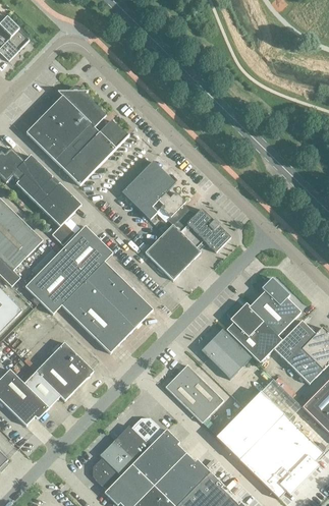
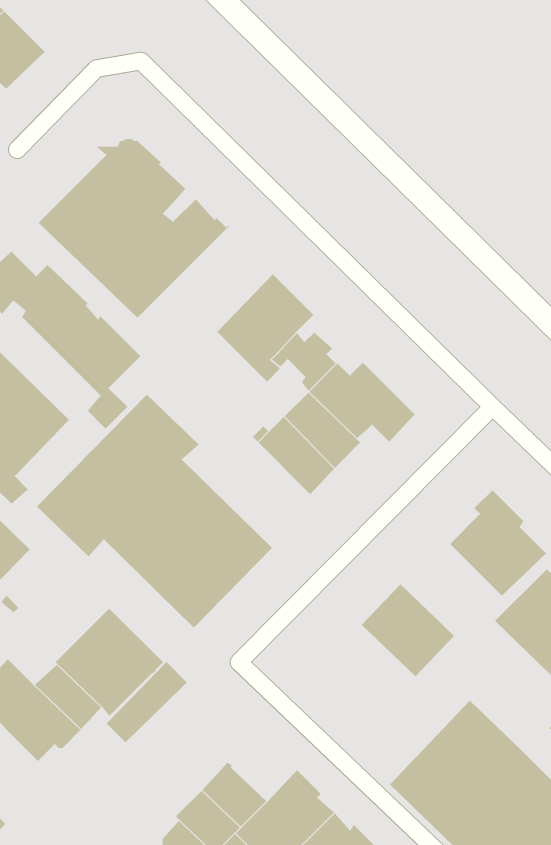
building: [226,302,282,362] -> none
building: [165,363,224,423] -> none
building: none -> [106,661,188,743]
building: [130,417,164,446] -> none

